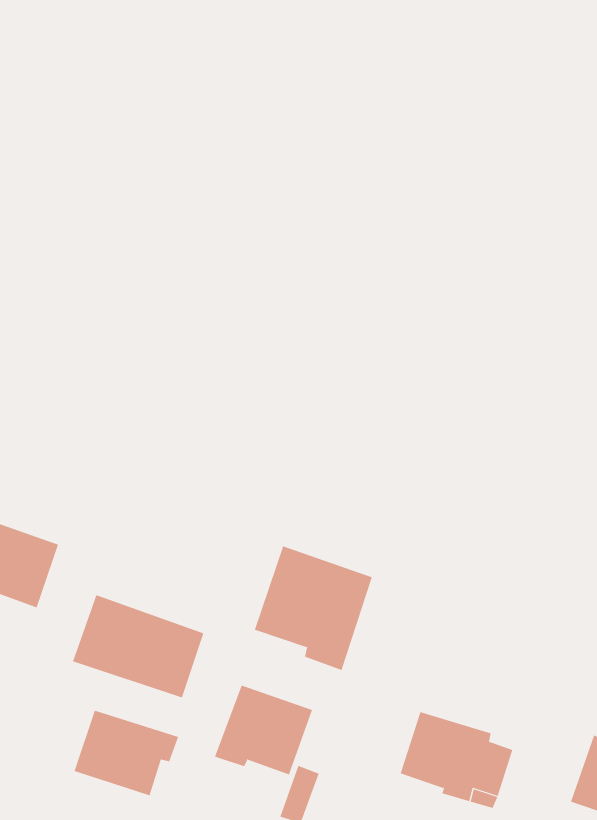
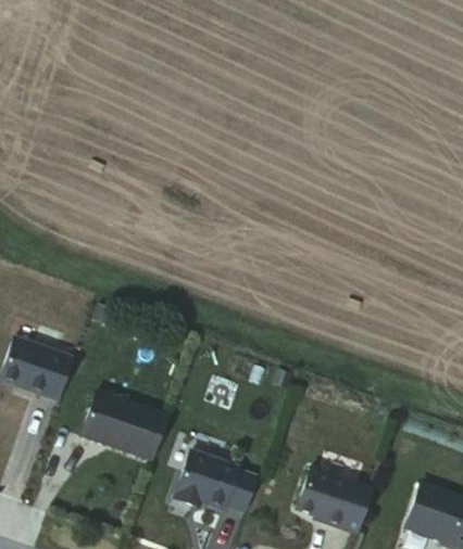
building: [254,545,372,671] -> none
building: [74,710,179,796] -> none

